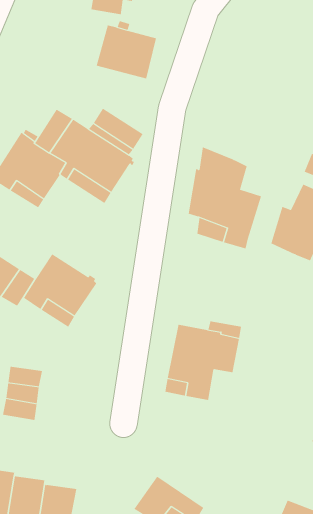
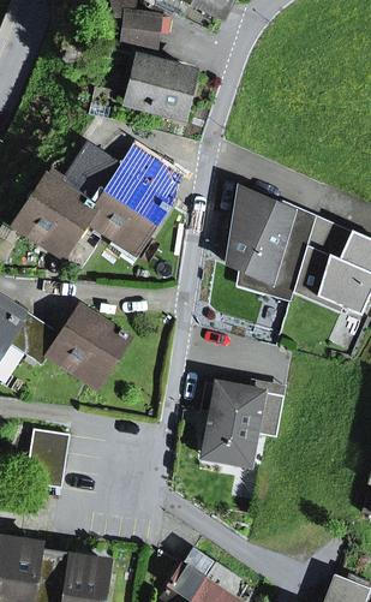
building: none -> [277,201,352,314]

